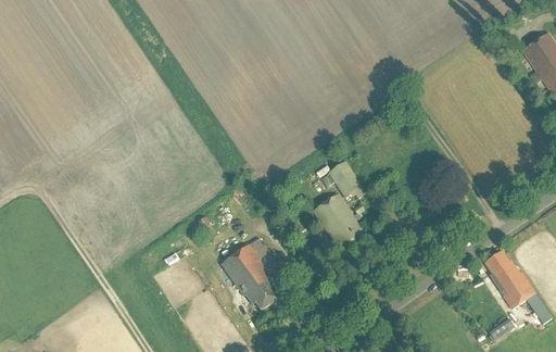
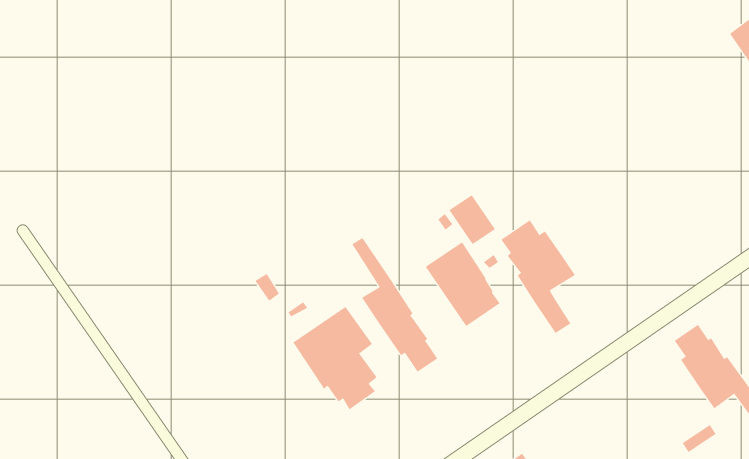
building: none -> [500,220,575,334]
building: none -> [351,237,439,373]

